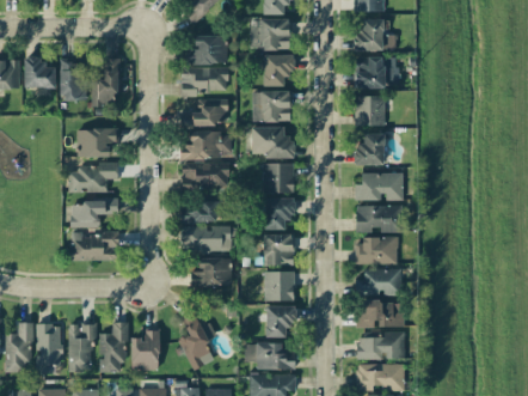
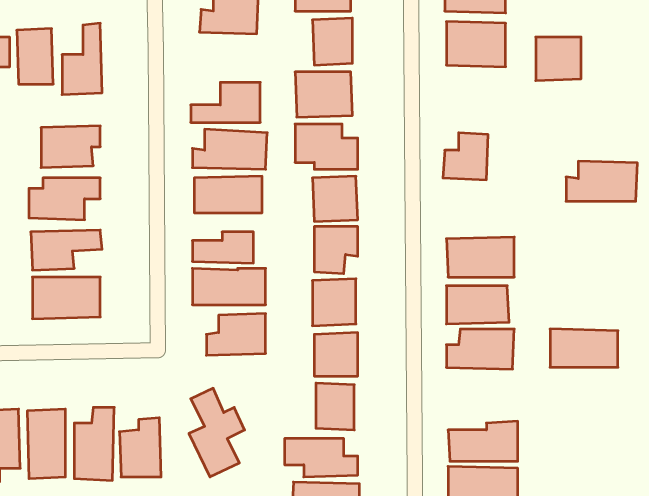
building: [183,67,228,93] -> none
building: [355,96,386,126] -> [536,37,581,81]
building: [355,172,404,200] -> [566,161,637,201]
building: [357,300,404,327] -> [550,329,618,367]

